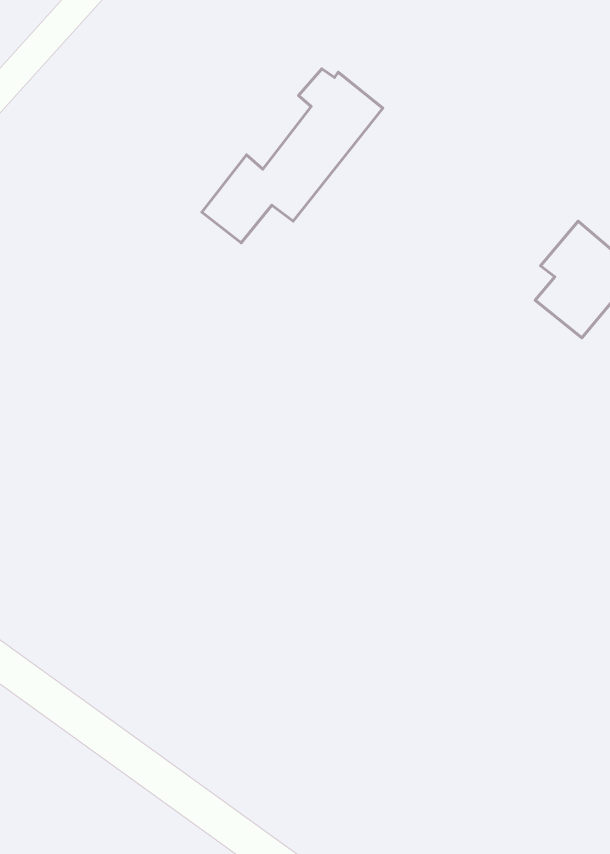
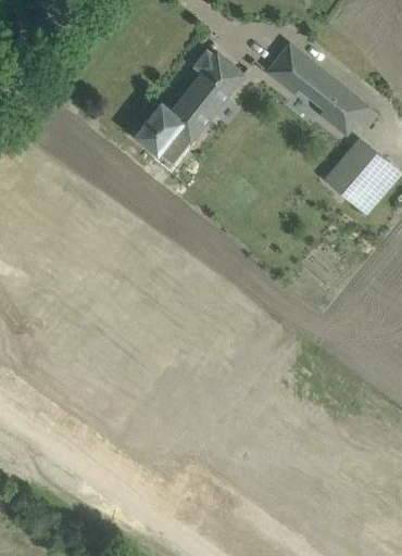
building: none -> [265,45,376,136]

